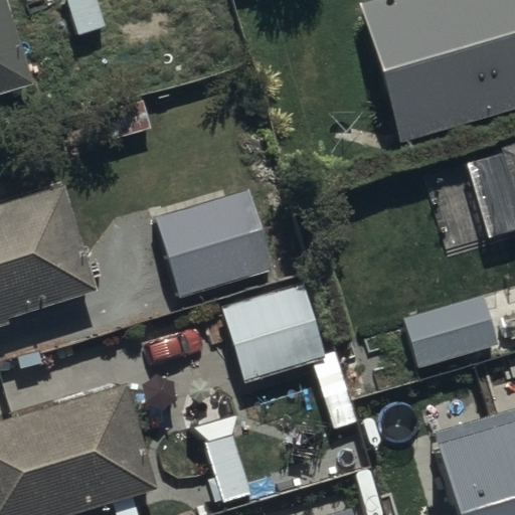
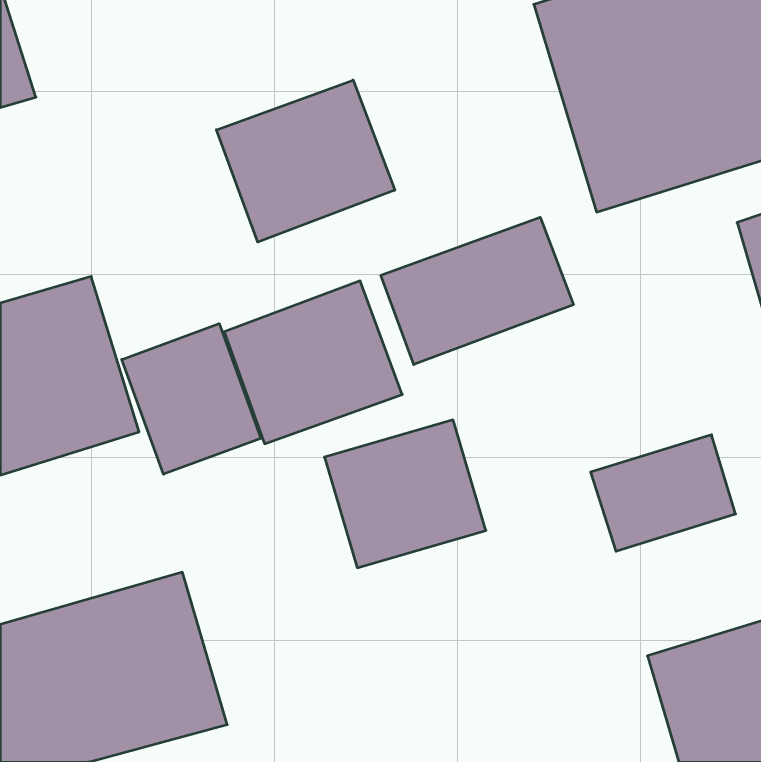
building: none -> [216,80,395,242]
building: none -> [381,217,573,365]
building: none -> [122,324,261,474]

